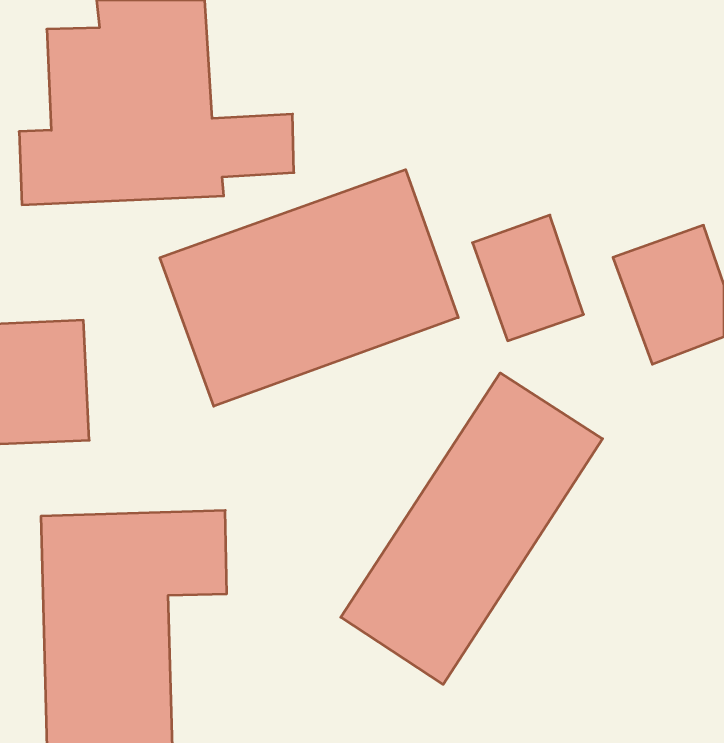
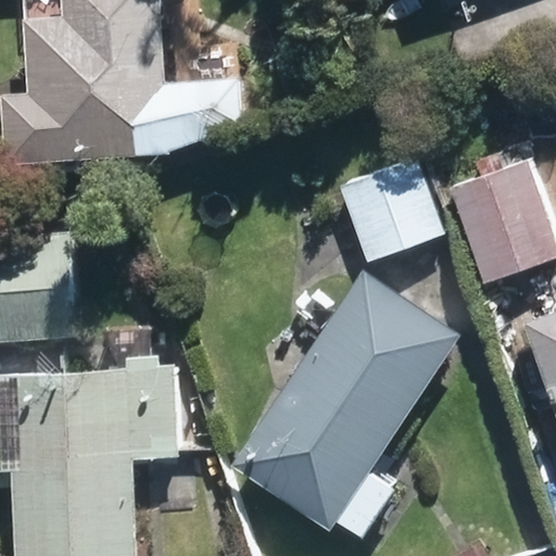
building: [160,170,458,406] -> none

